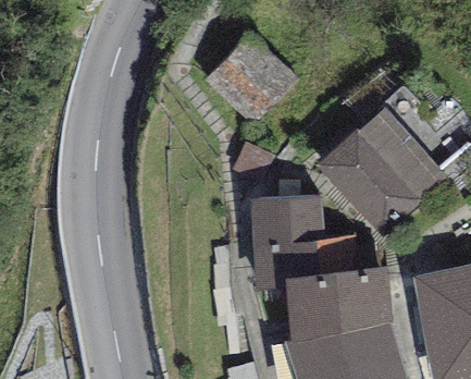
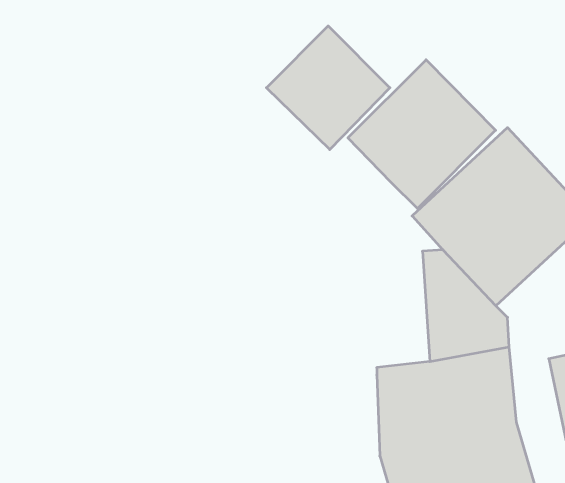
building: none -> [348,60,496,209]
building: [250,198,325,292] -> none

